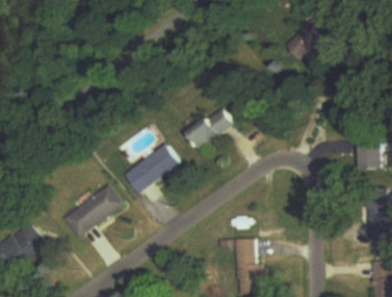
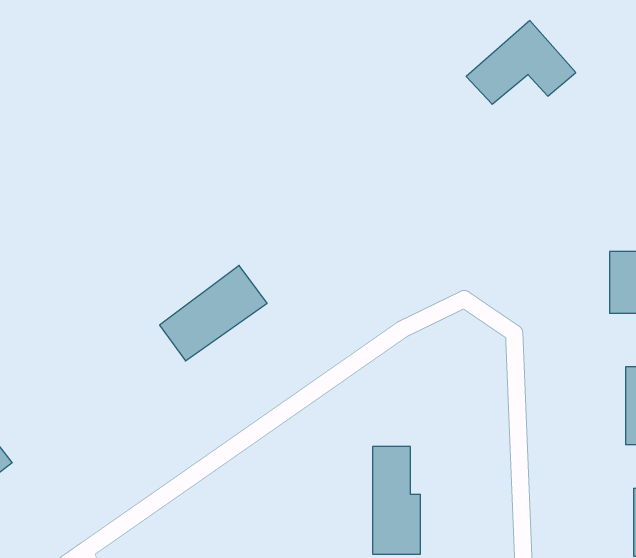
building: [186,111,233,145] -> none
building: [61,185,123,238] -> none

